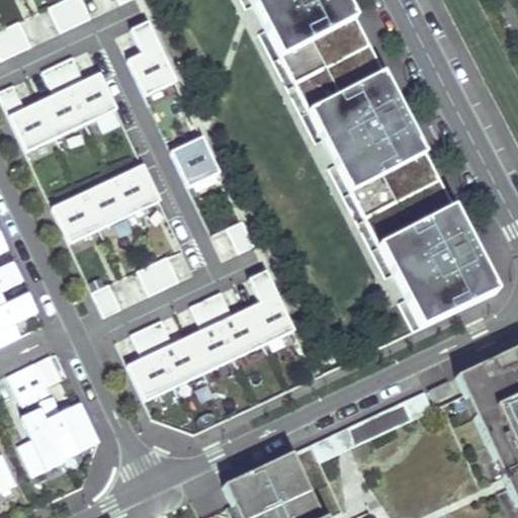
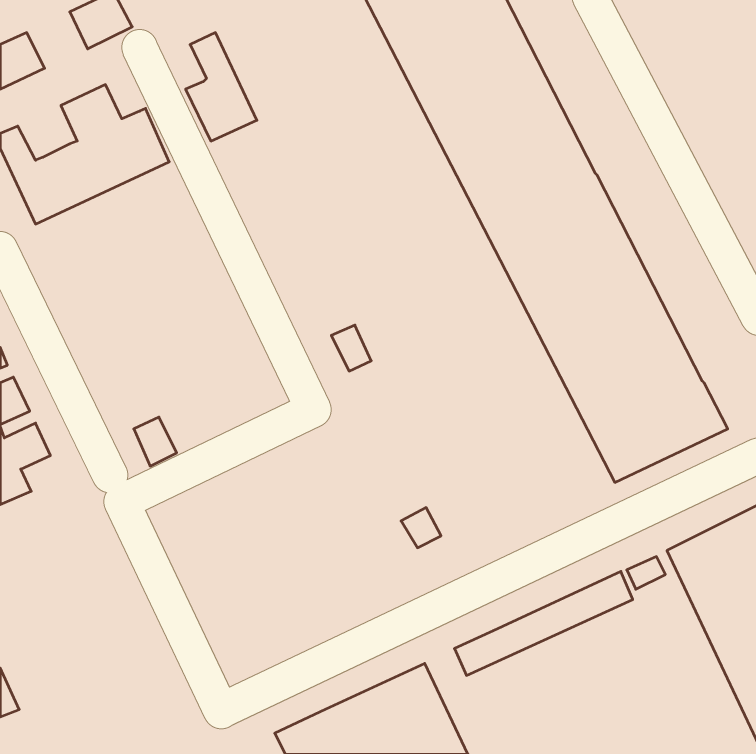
building: [171,135,220,186] -> none
building: [53,163,160,242] -> none
building: [139,257,180,295] -> none
building: [126,269,294,400] -> none
building: [8,361,49,404] -> none
building: [17,399,98,477] -> none

